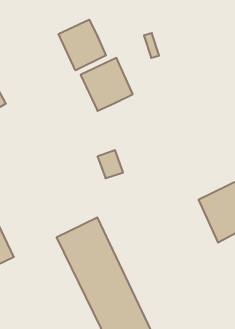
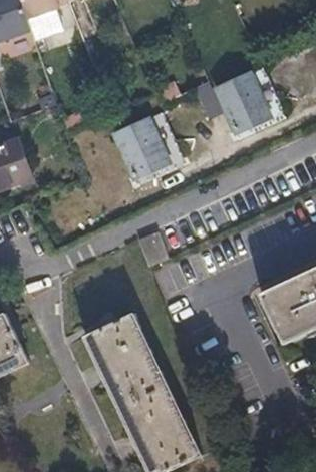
building: [59,20,106,70] -> none
building: none -> [216,67,280,132]

